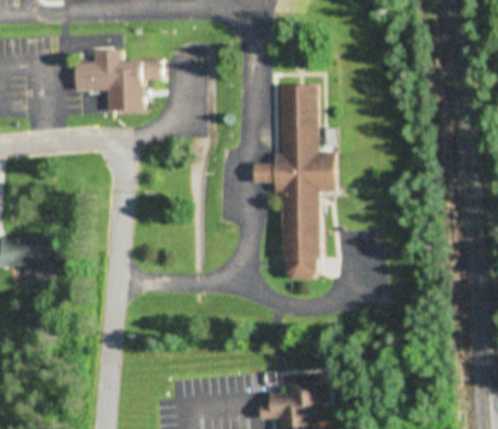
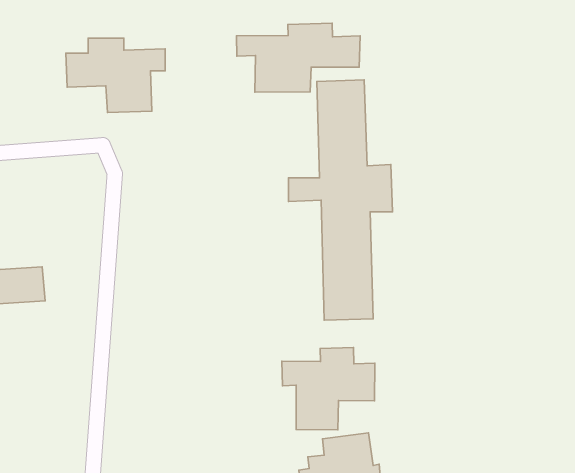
building: none -> [236,23,360,92]
building: none -> [282,347,375,430]

